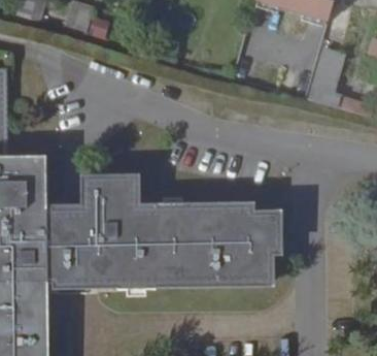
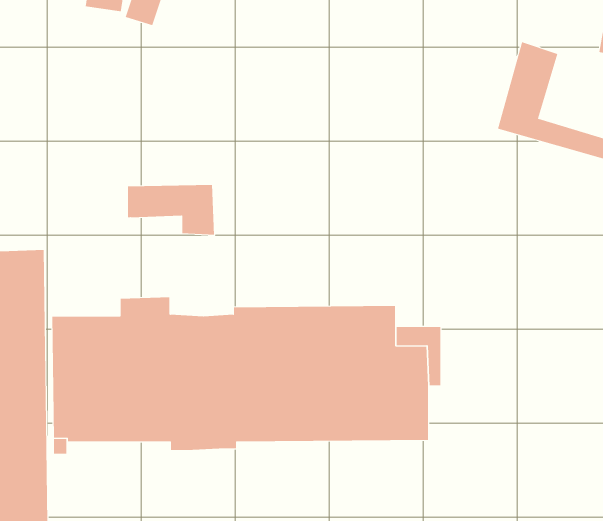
building: [84,179,136,208] -> [127,184,215,235]

